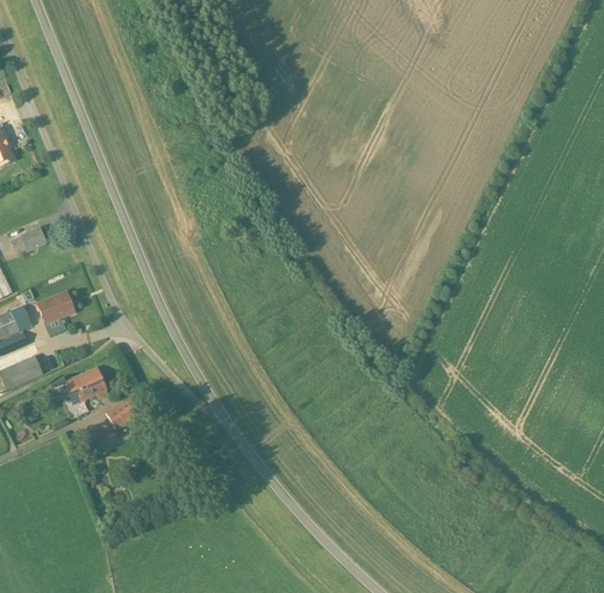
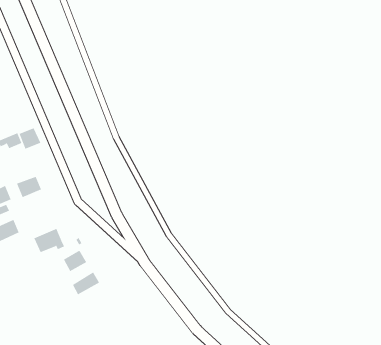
building: none -> [19,128,41,149]
building: none -> [72,272,100,295]

